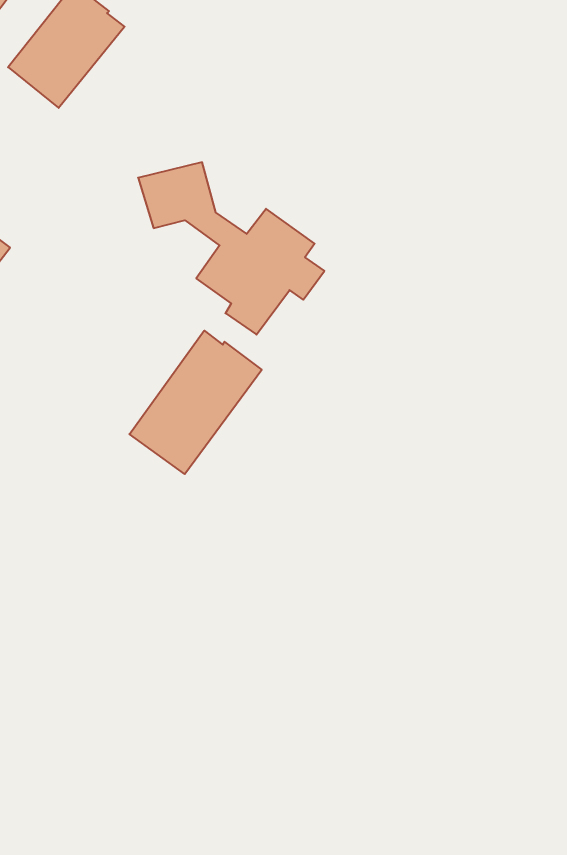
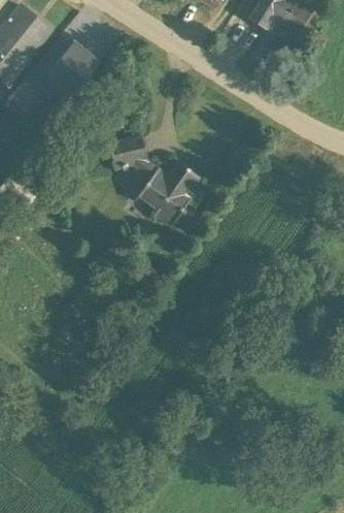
building: [129,331,262,474] -> none

